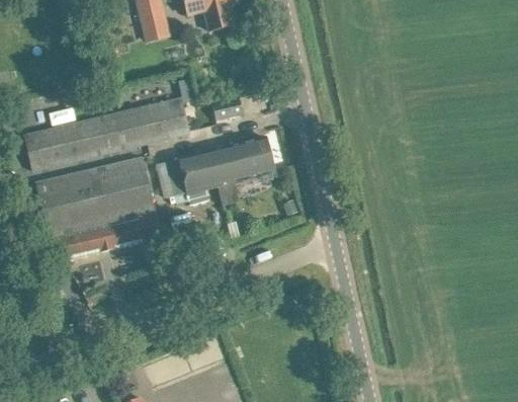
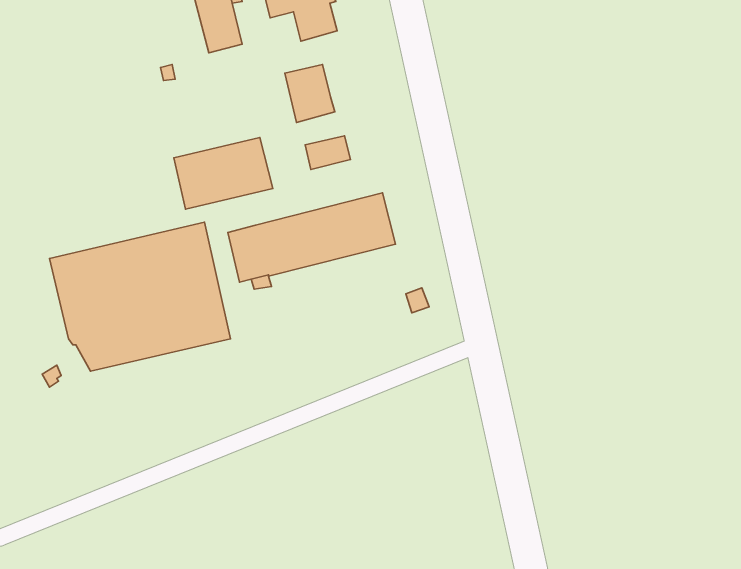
building: none -> [285,64,335,122]
building: [23,111,128,170] -> none

